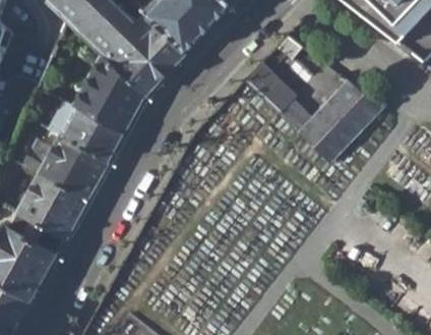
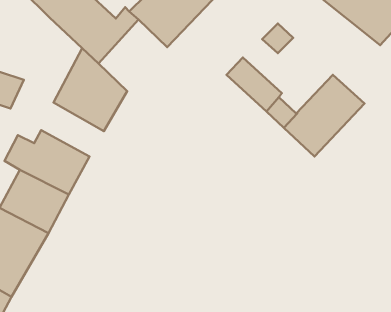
building: [117,23,185,95] -> none
building: [49,101,122,160] -> none

